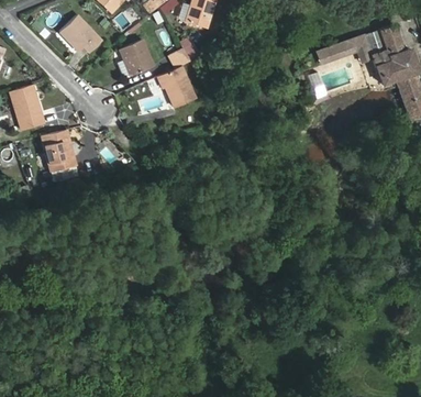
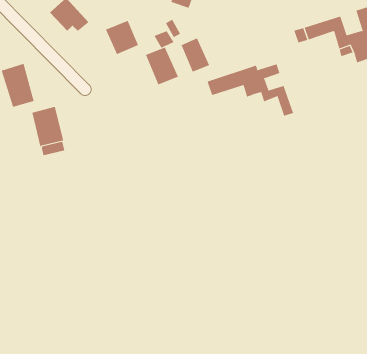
building: none -> [181,37,210,73]
building: none -> [207,64,294,117]

